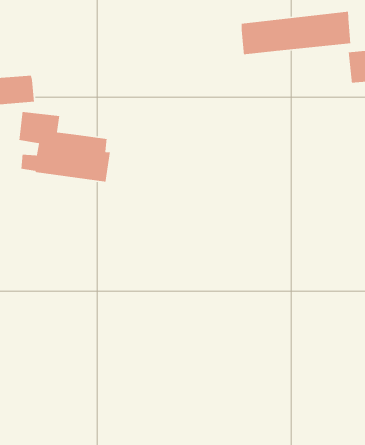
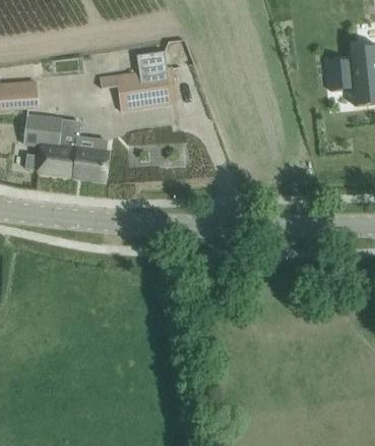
building: [241,11,351,55] -> none
building: none -> [116,50,177,111]

